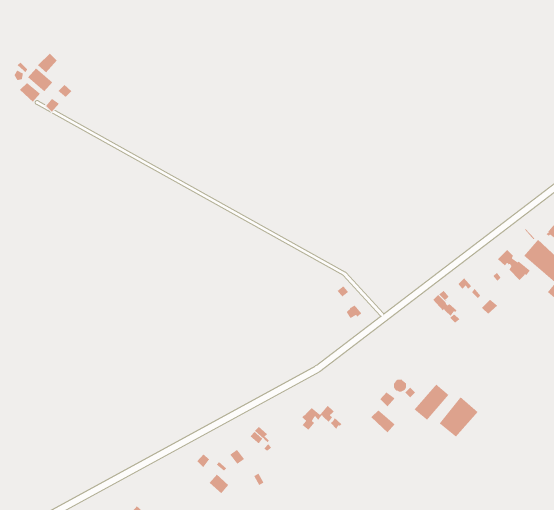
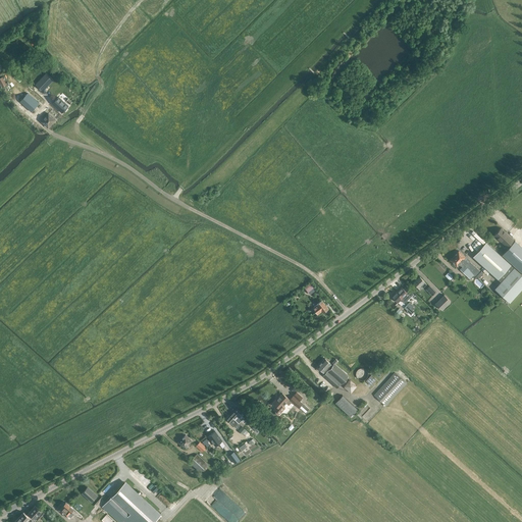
building: none -> [317,358,349,387]
building: [439,396,478,438] -> none

